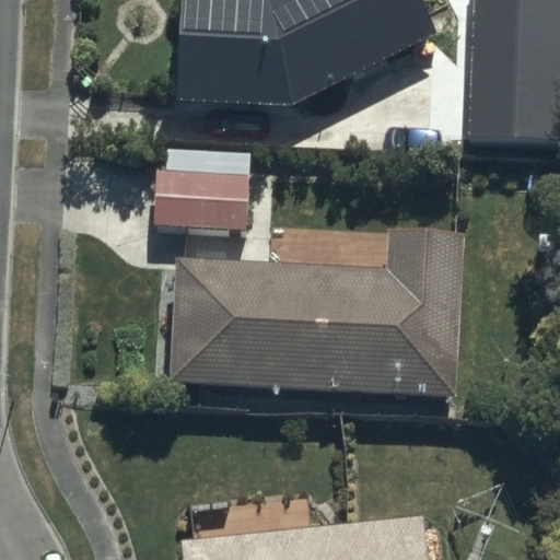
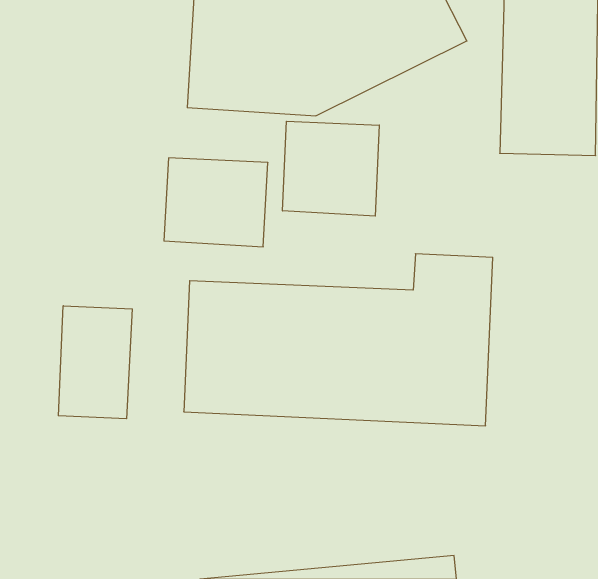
building: none -> [283,121,379,216]
building: none -> [58,306,132,419]

